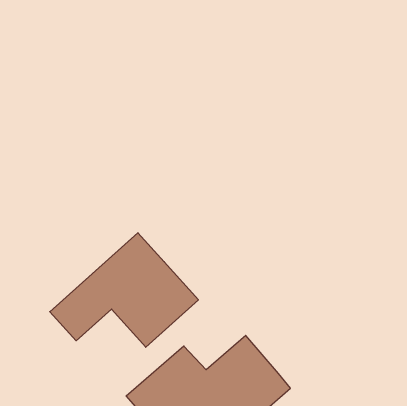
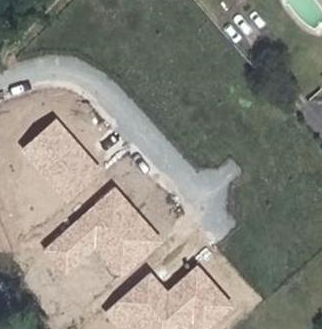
building: none -> [22,121,99,199]

